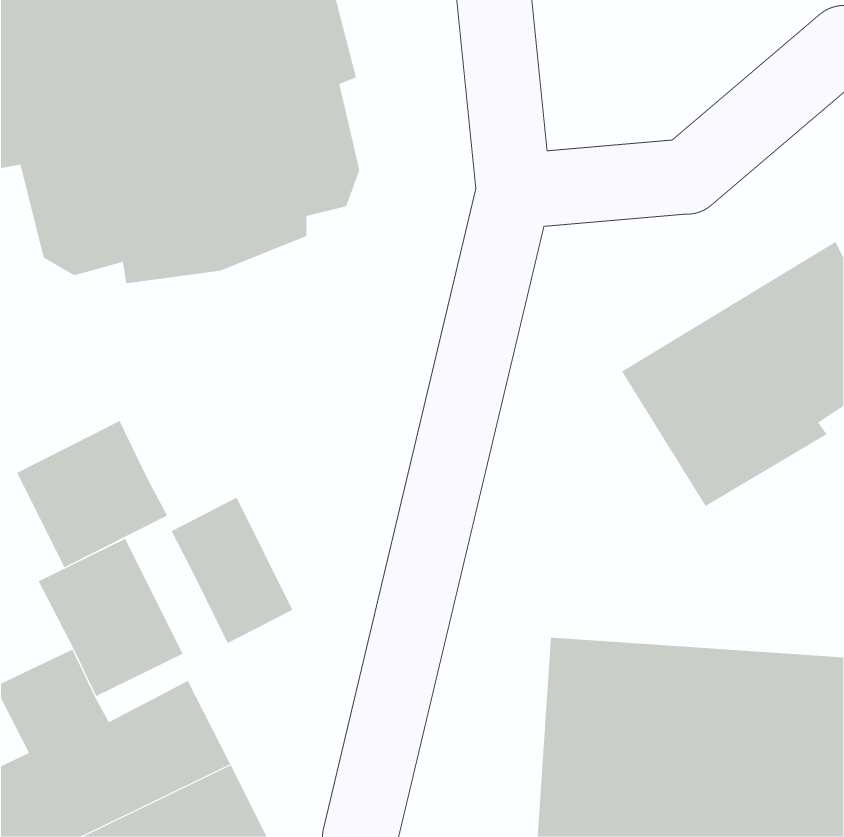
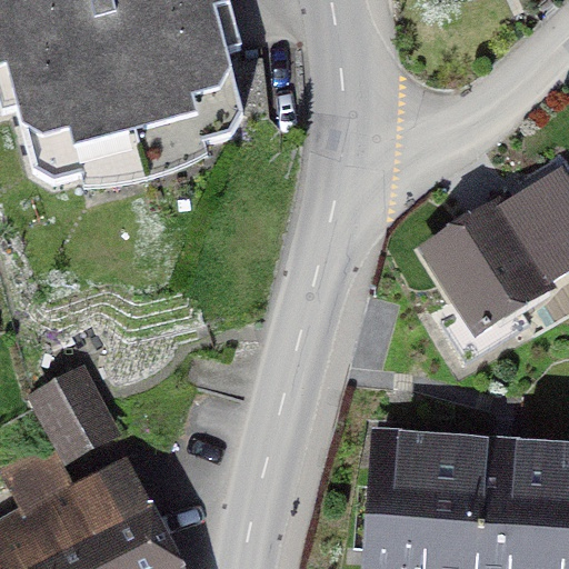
building: [16,420,168,568] -> none
building: [171,497,293,644] -> none

